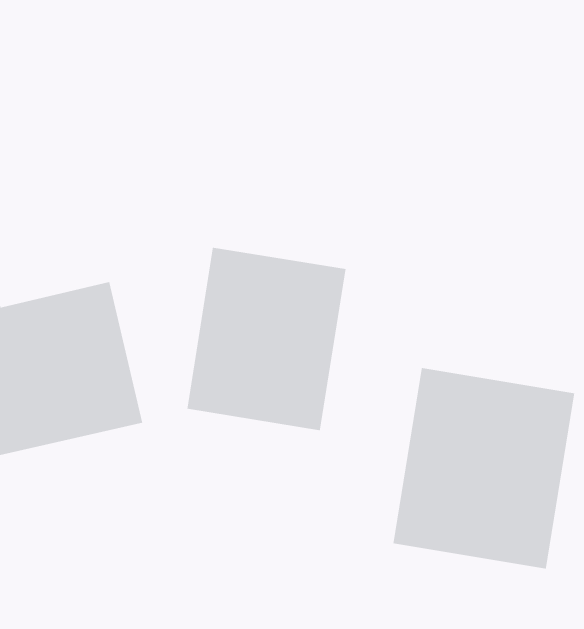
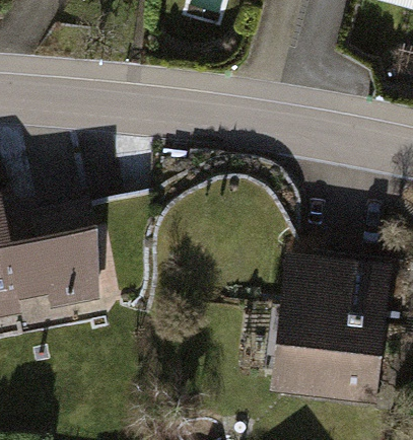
building: [186,247,346,431] -> none

